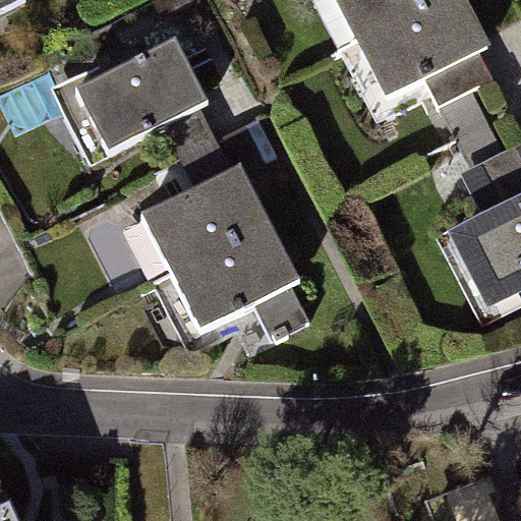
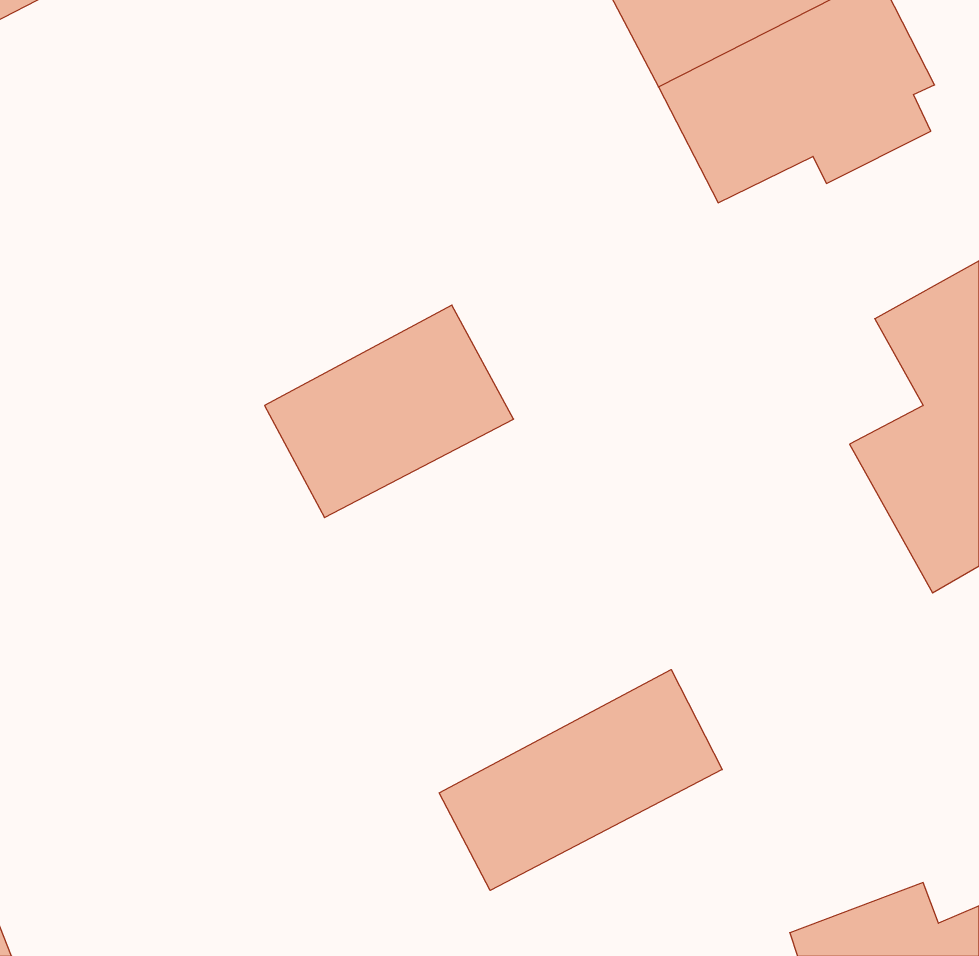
building: [76,36,211,149] -> none
building: [154,221,304,346] -> none
building: none -> [439,670,722,890]

